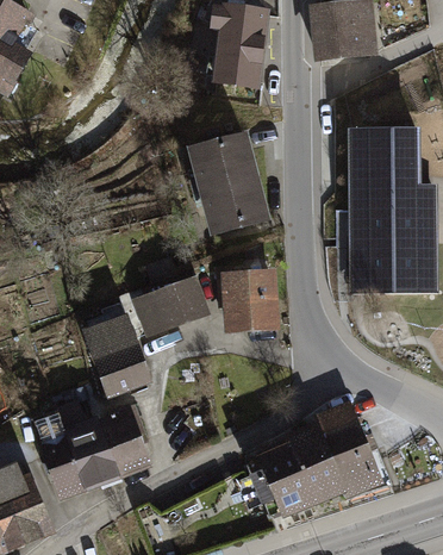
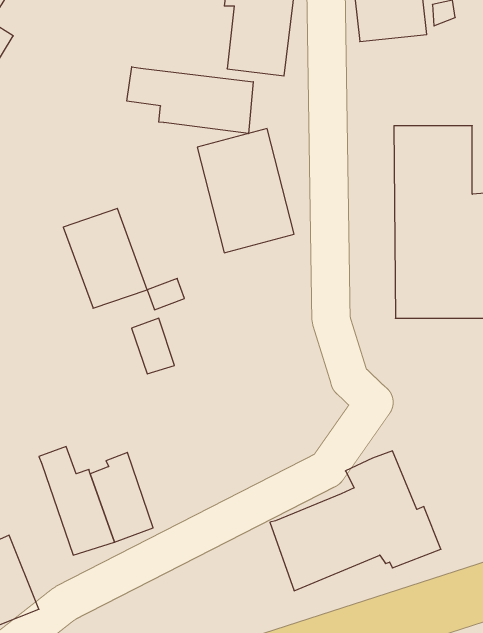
building: none -> [127,67,253,134]
building: [222,268,280,332] -> none
building: [155,274,210,328] -> none
building: [82,312,152,395] -> [63,208,147,308]
building: [32,410,83,494] -> none

